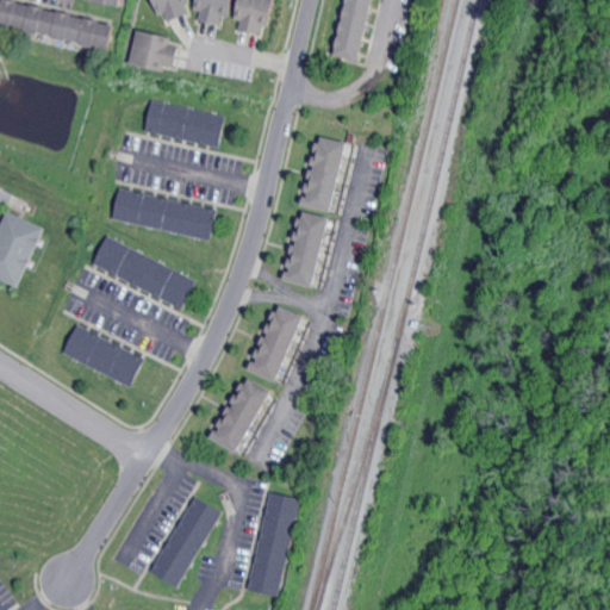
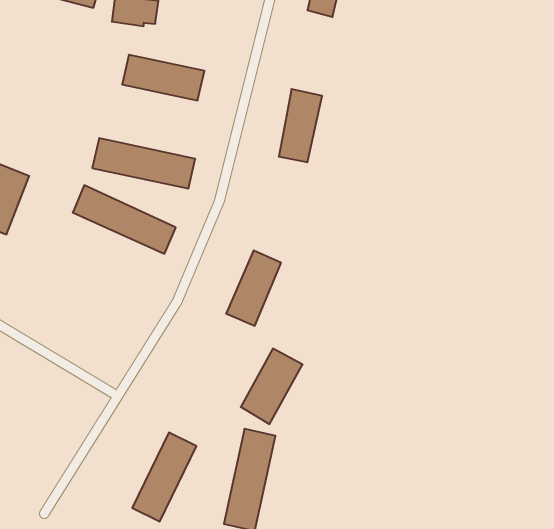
building: [284,211,330,287] -> none
building: [58,325,144,386] -> none
building: [207,375,272,454] -> [241,349,303,424]

